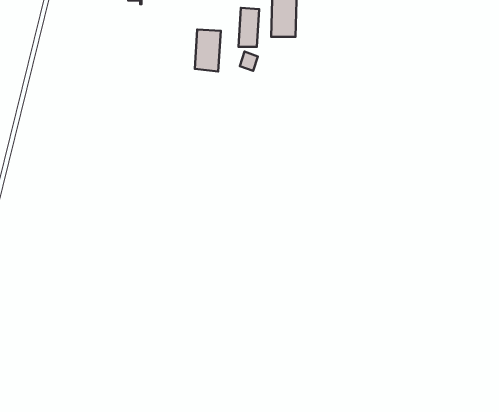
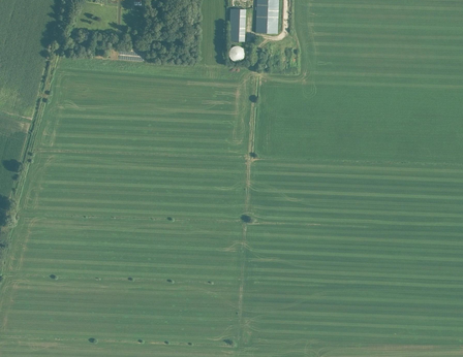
building: [195,29,221,71] -> none

